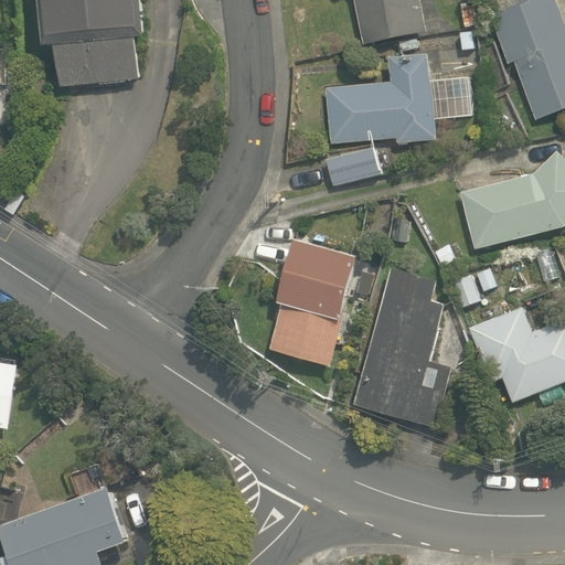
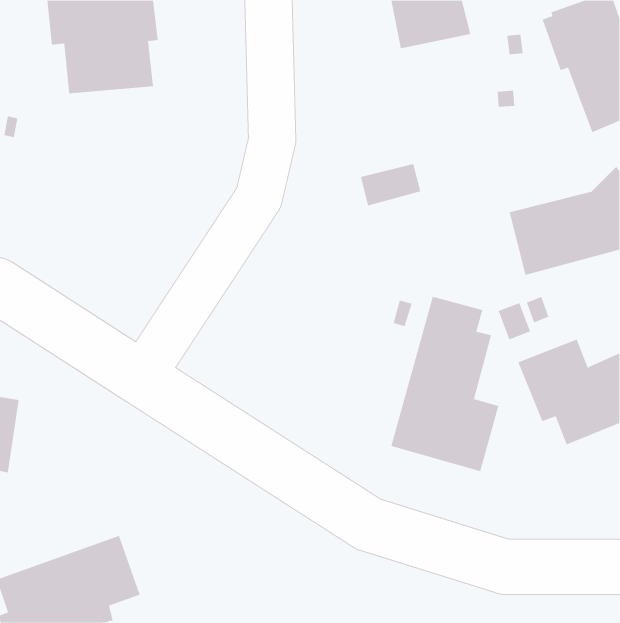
building: [326,55,436,145] -> none
building: [269,238,358,365] -> none

